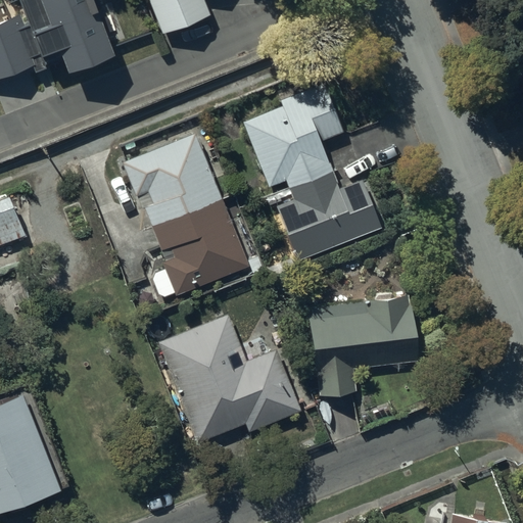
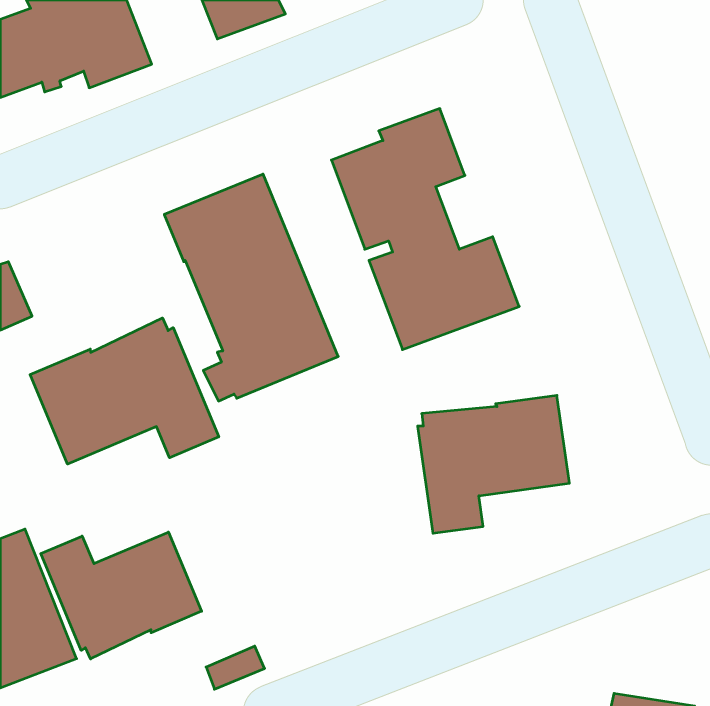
building: none -> [30,318,219,464]
building: [158,313,300,441] -> none
building: none -> [41,532,202,659]

